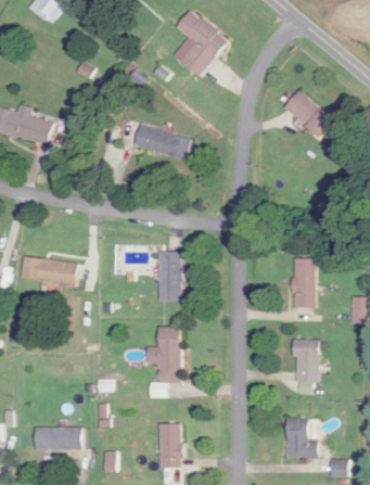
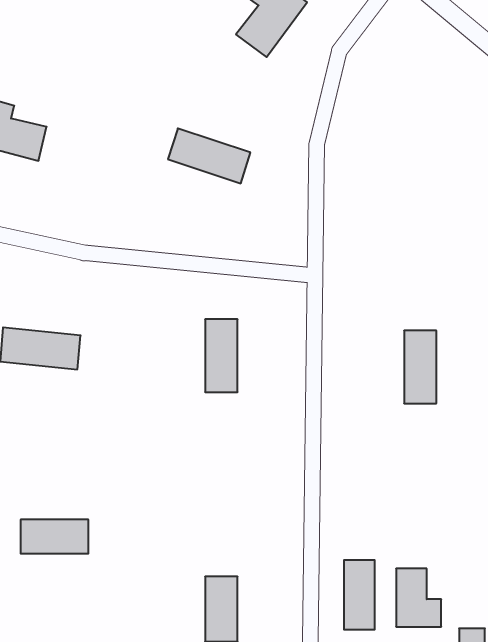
building: [284,91,334,137] -> none
building: [148,327,180,381] -> none
building: [296,339,317,385] -> [344,560,375,630]
building: [36,426,81,449] -> [21,520,88,554]

